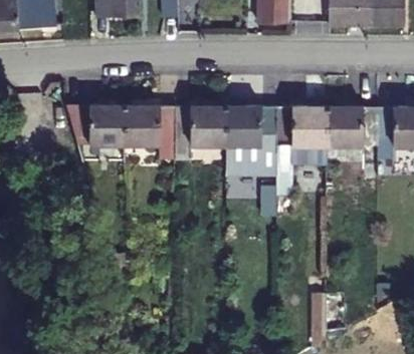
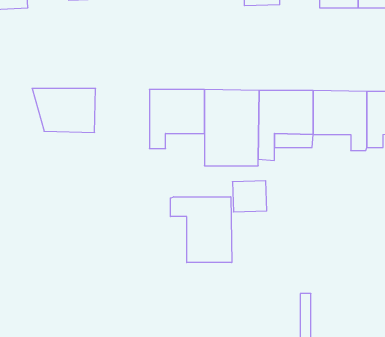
building: [120,104,171,160] -> none
building: none -> [170,197,232,263]

